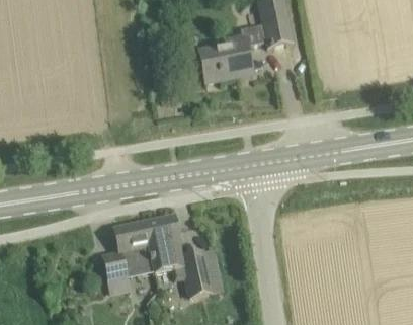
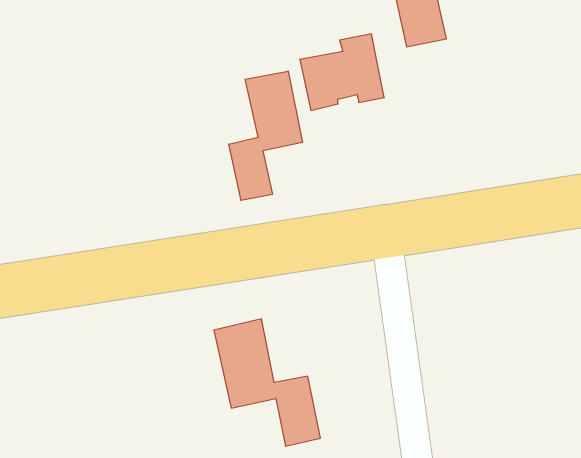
building: none -> [229,71,302,201]
building: [104,223,157,282] -> none

